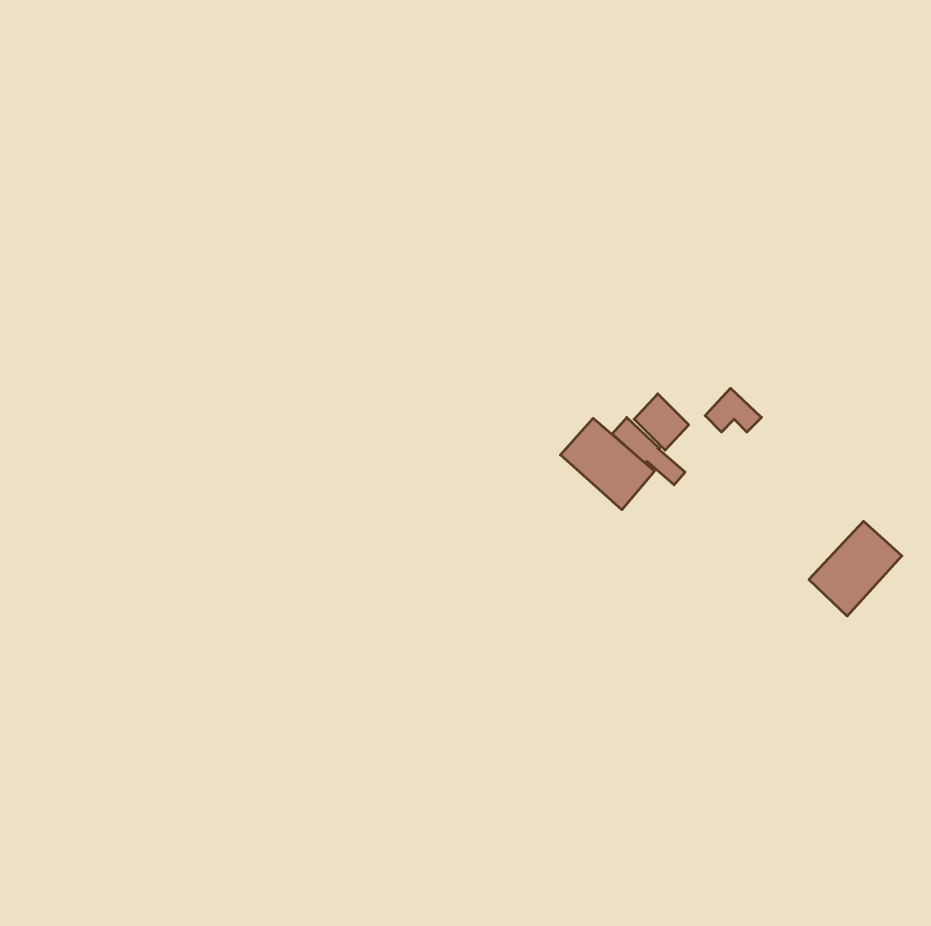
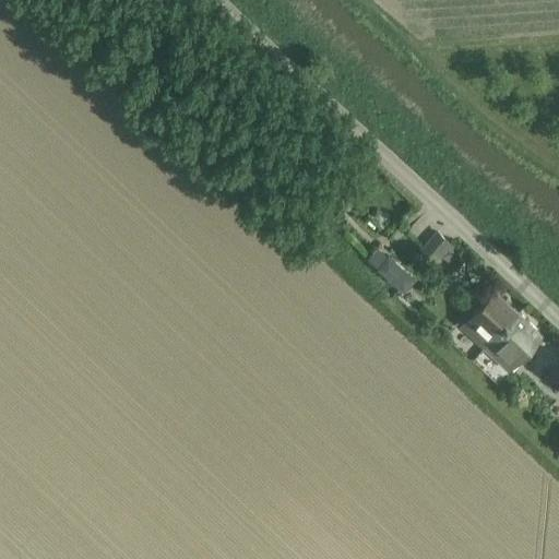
building: [560,418,654,510] -> none
building: none -> [462,294,518,350]

